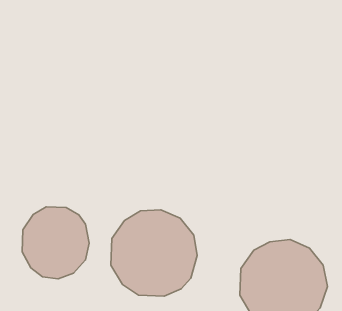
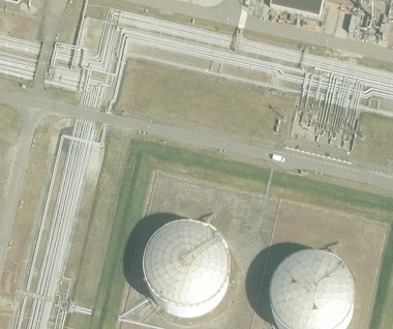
building: [22,207,89,279] -> none

